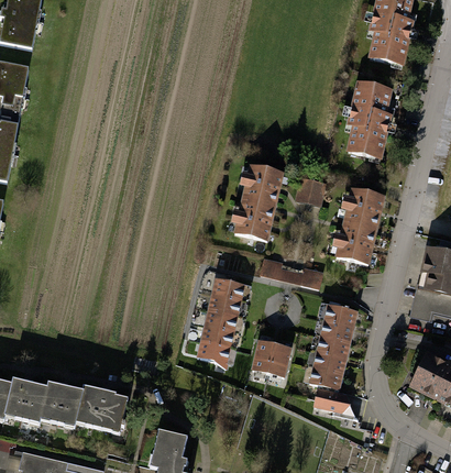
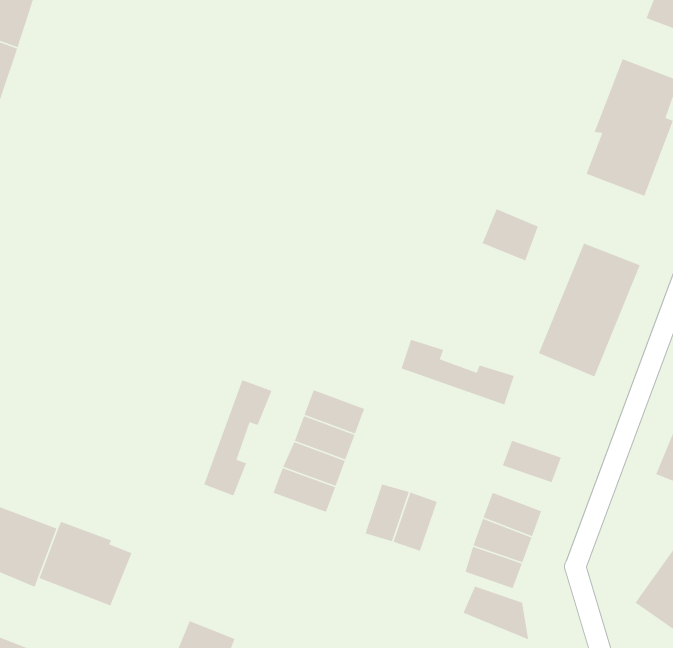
building: [232,163,283,238] -> none
building: [211,277,245,299] -> none
building: none -> [203,379,272,496]
building: [320,320,353,342] -> none

